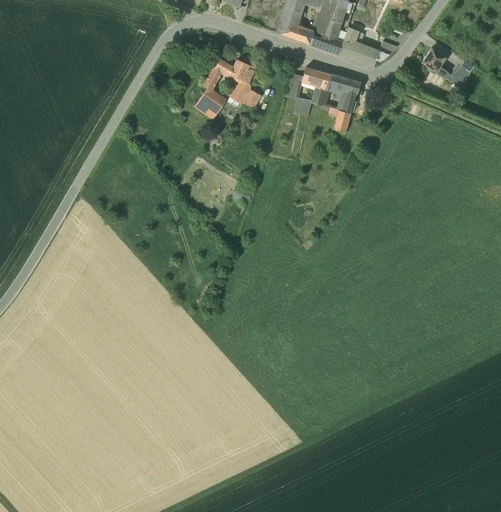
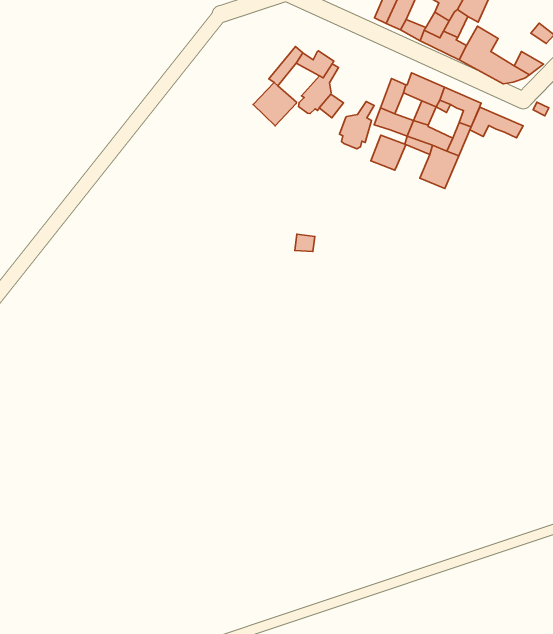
building: none -> [470,107,523,138]
building: none -> [339,101,374,149]
building: none -> [371,135,405,170]

